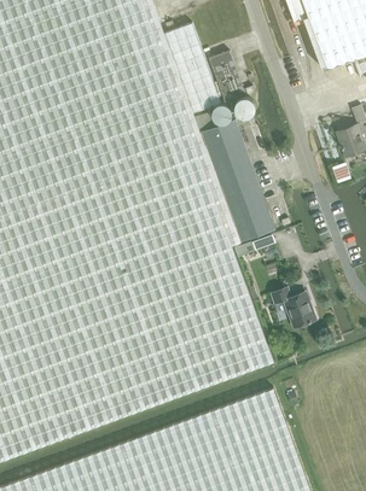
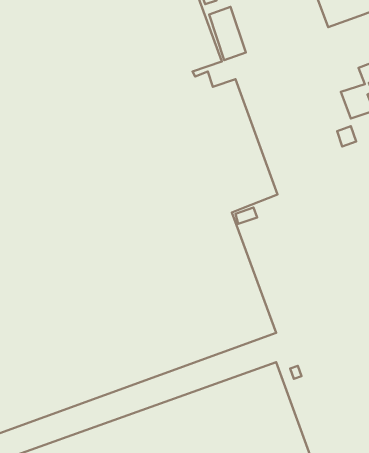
building: [272,287,316,328] -> none

